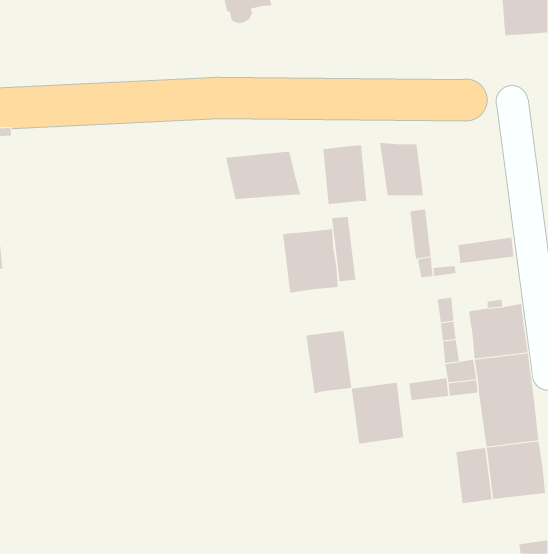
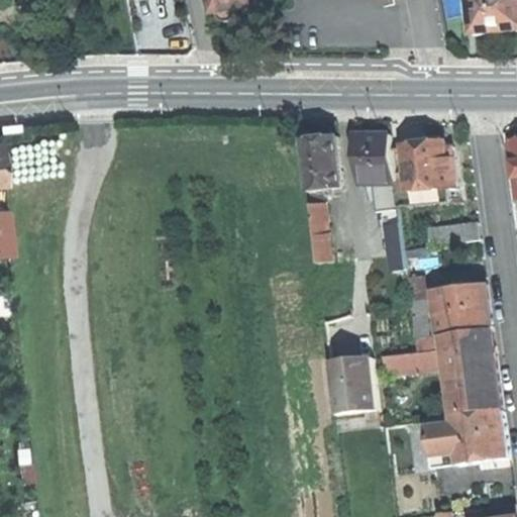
building: none -> [401,135,453,191]
building: [226,151,301,200] -> none
building: [283,228,338,293] -> none
building: [306,330,352,394] -> none

